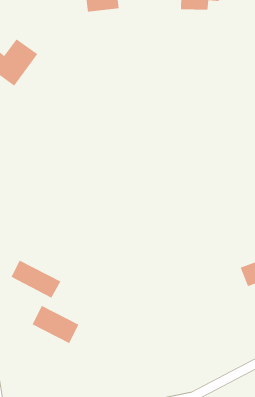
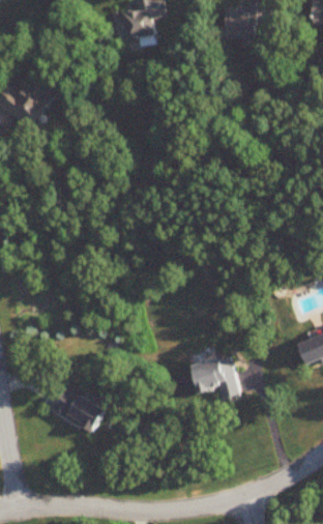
building: [11,260,61,298] -> none
building: none -> [189,355,238,399]

